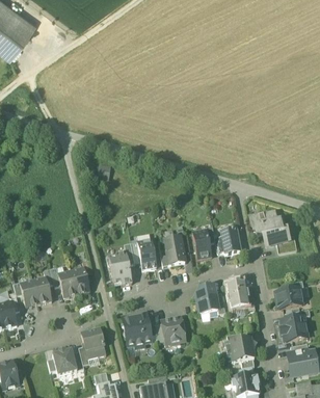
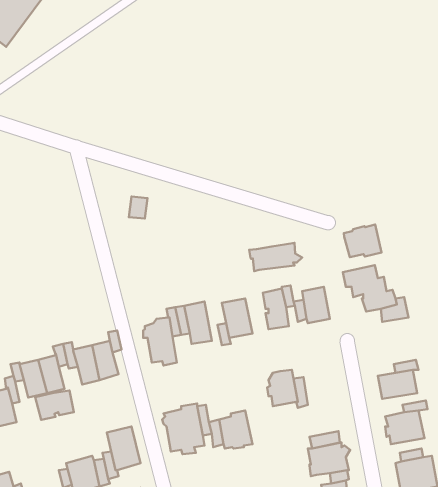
building: none -> [344,225,382,257]
building: none -> [249,243,302,271]
building: [226,282,254,310] -> none
building: none -> [35,390,74,420]

